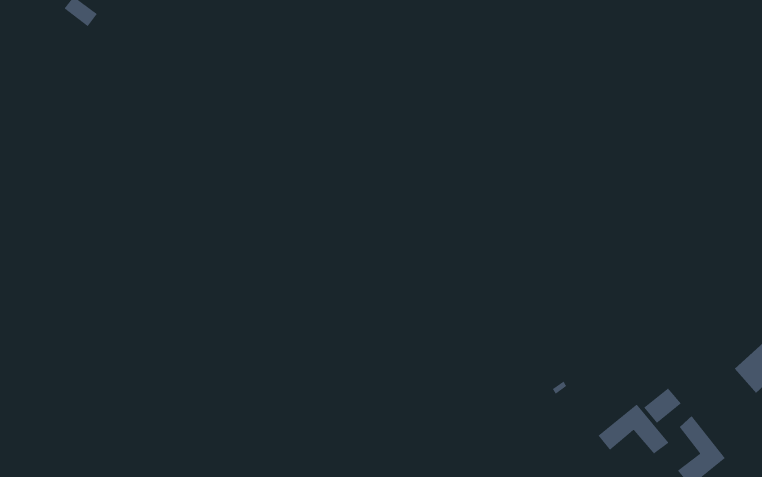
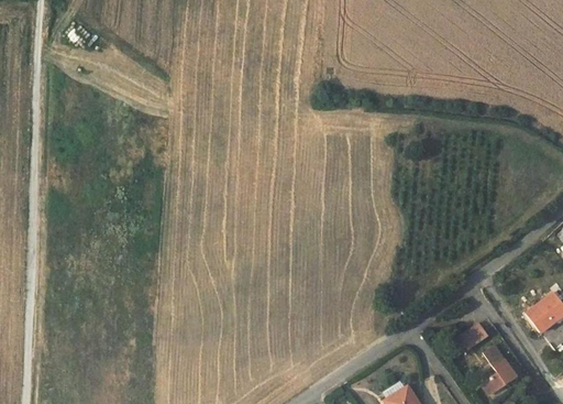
building: [598,404,670,454] -> none

